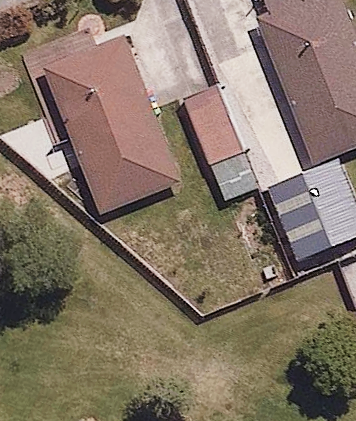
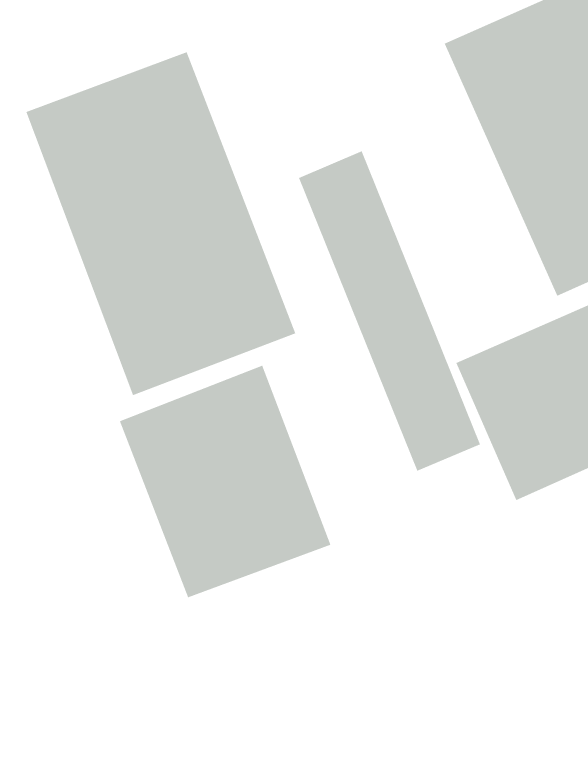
building: none -> [119,365,331,598]

